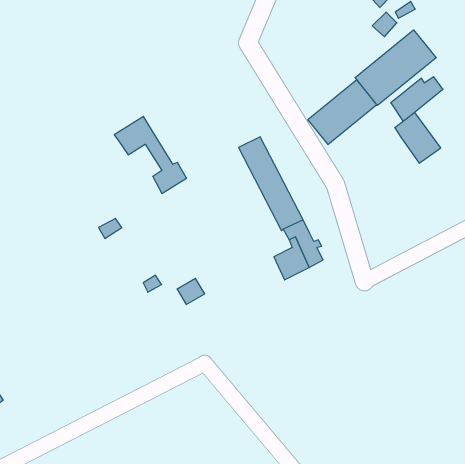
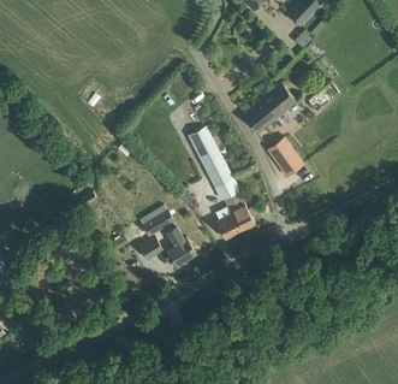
building: [355,30,436,105] -> none
building: [395,112,441,163] -> [267,136,303,176]
building: [114,116,187,193] -> [138,205,195,265]

